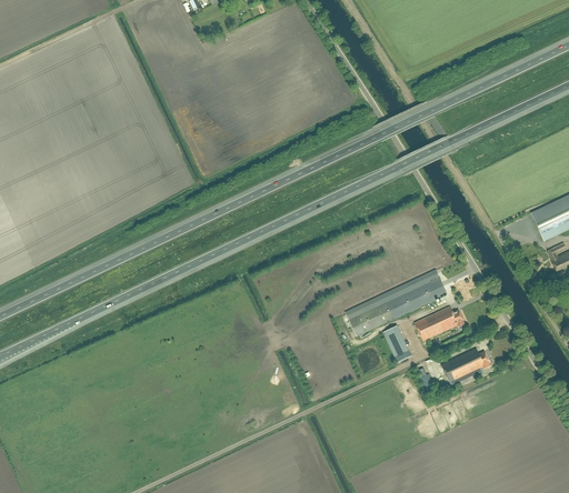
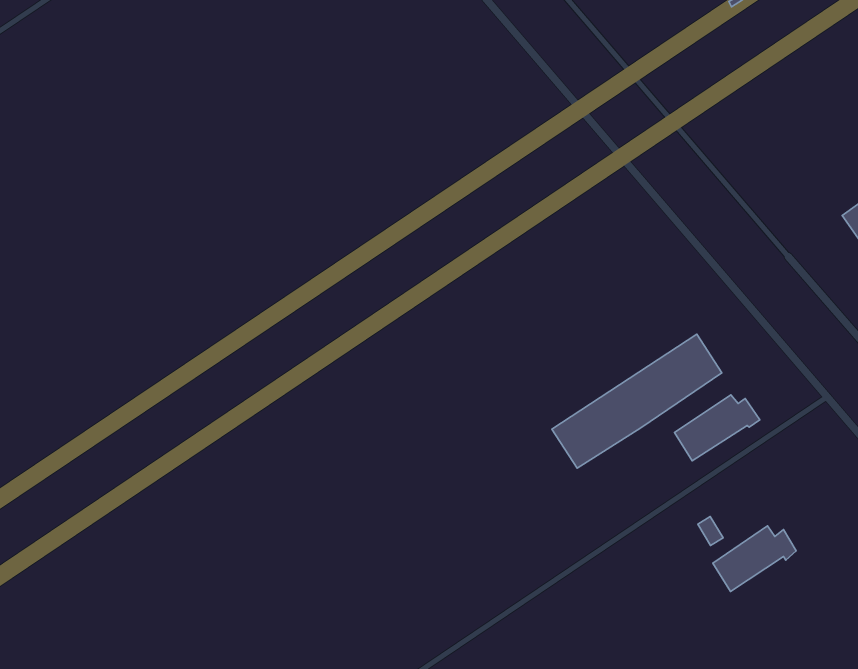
building: [385,326,411,359] -> none
building: [442,348,491,382] -> [713,526,796,592]

